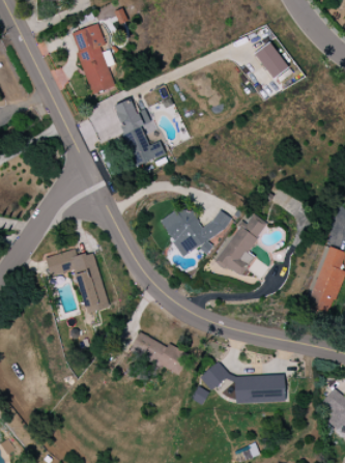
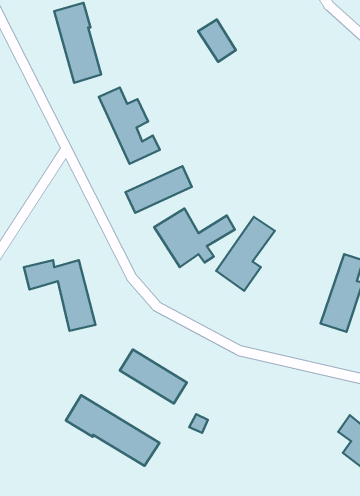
building: [255,41,288,79] -> [198,20,236,62]
building: none -> [126,166,192,213]
building: [205,365,286,403] -> none
building: none -> [66,395,159,466]

